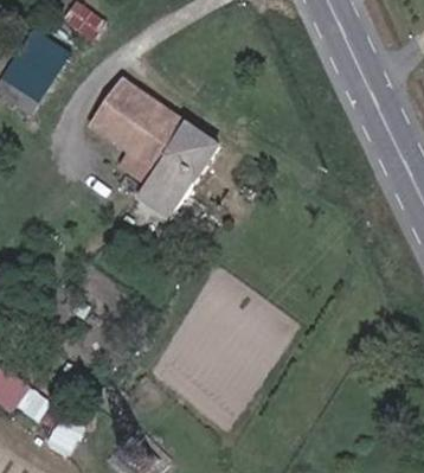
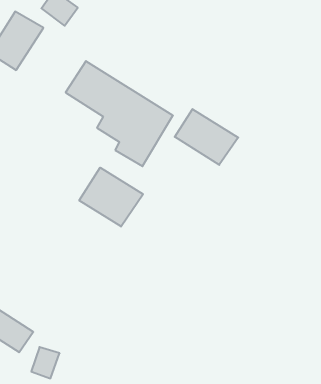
building: none -> [175,109,238,165]
building: none -> [79,168,143,227]

